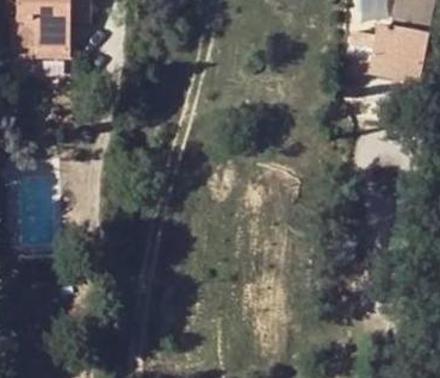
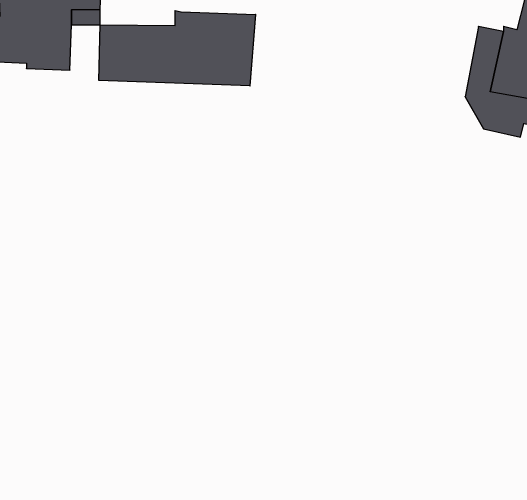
building: none -> [99,11,256,86]

